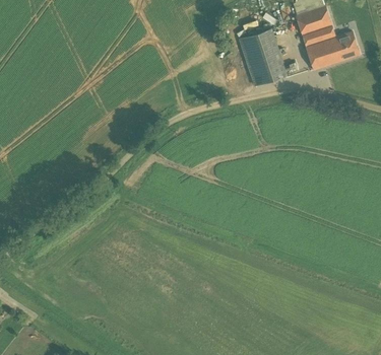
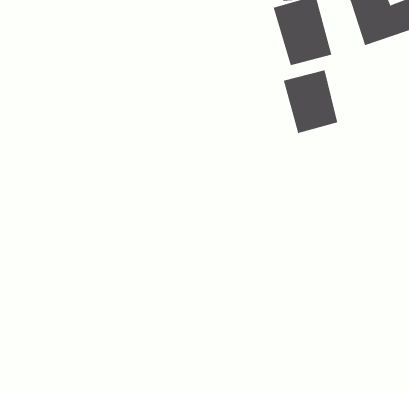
building: none -> [283,70,338,134]

